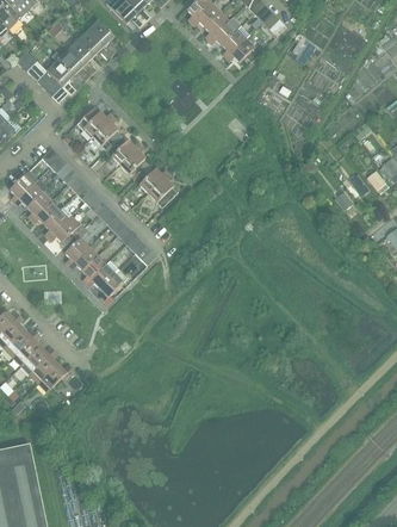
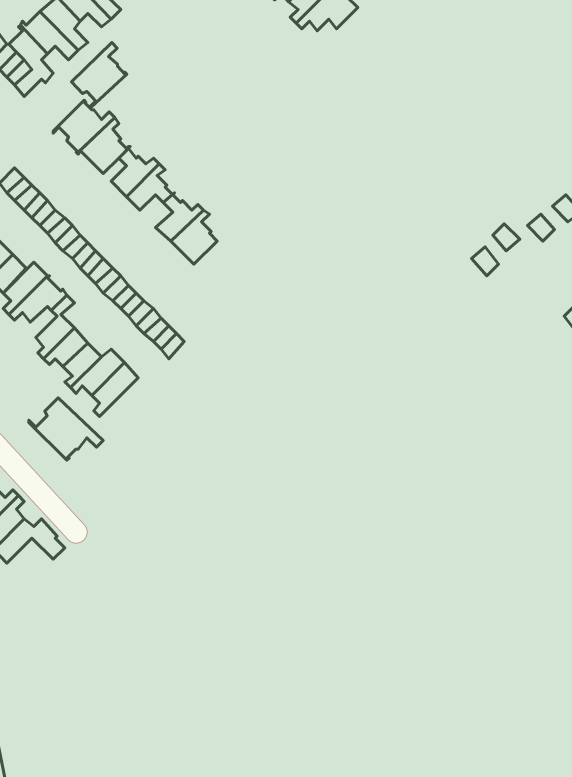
building: none -> [72,42,127,107]
building: none -> [29,398,103,460]

